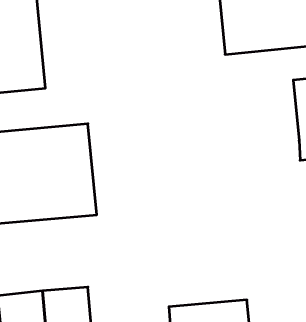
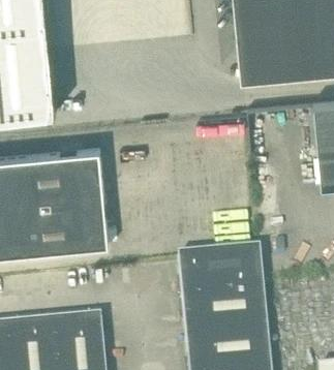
building: none -> [176,251,266,341]

